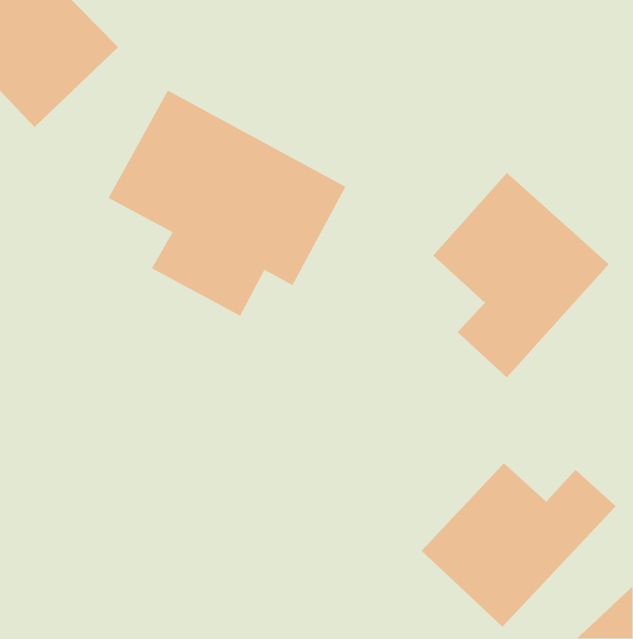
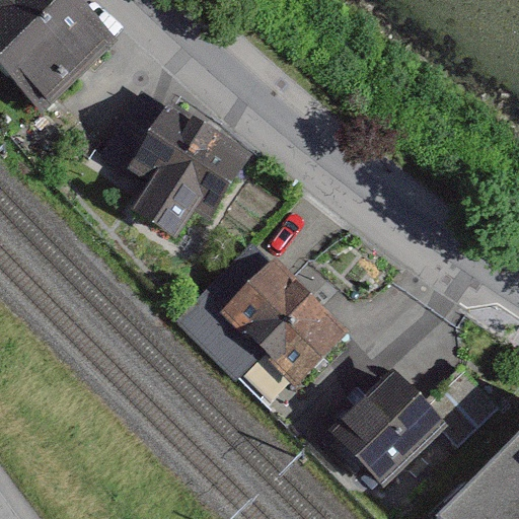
building: [432,172,609,378] -> none
building: none -> [203,238,362,404]

